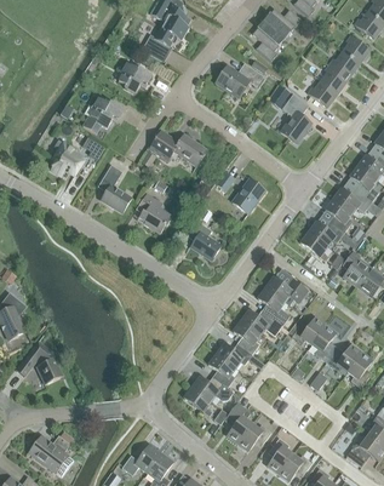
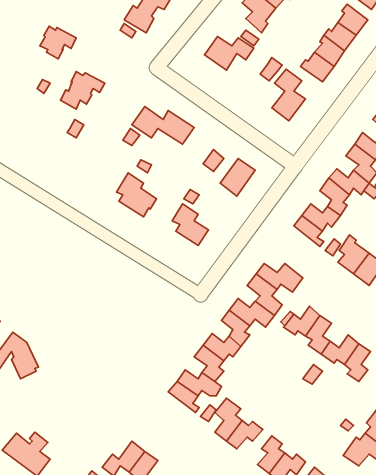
building: [118,62,151,92] -> [40,26,76,59]
building: [51,143,84,176] -> none
building: [98,164,131,212] -> none

